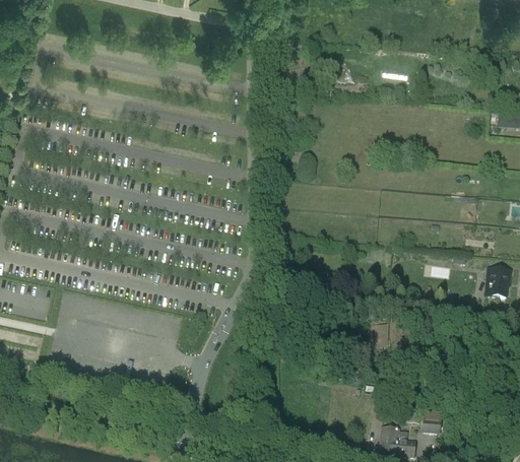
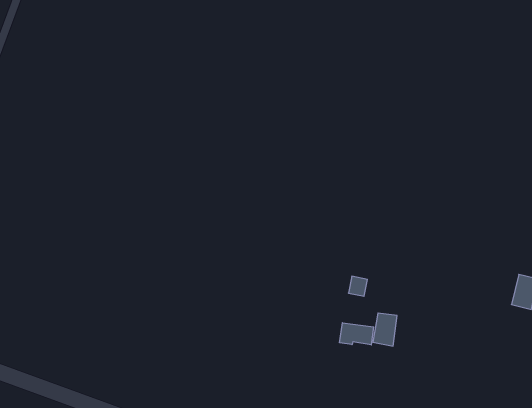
building: none -> [340,323,374,345]

